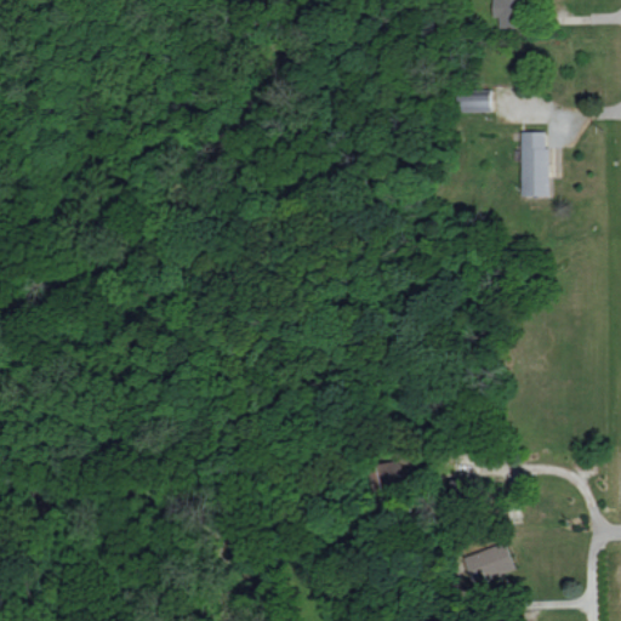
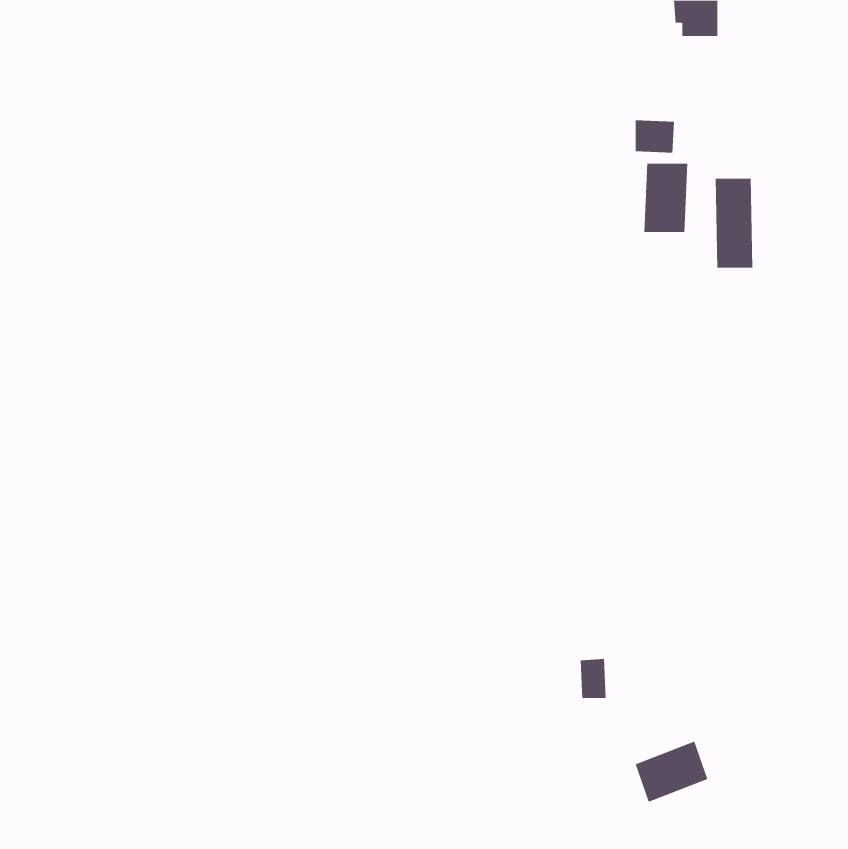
building: none -> [644,163,688,233]
building: [383,460,403,489] -> [580,659,606,698]

